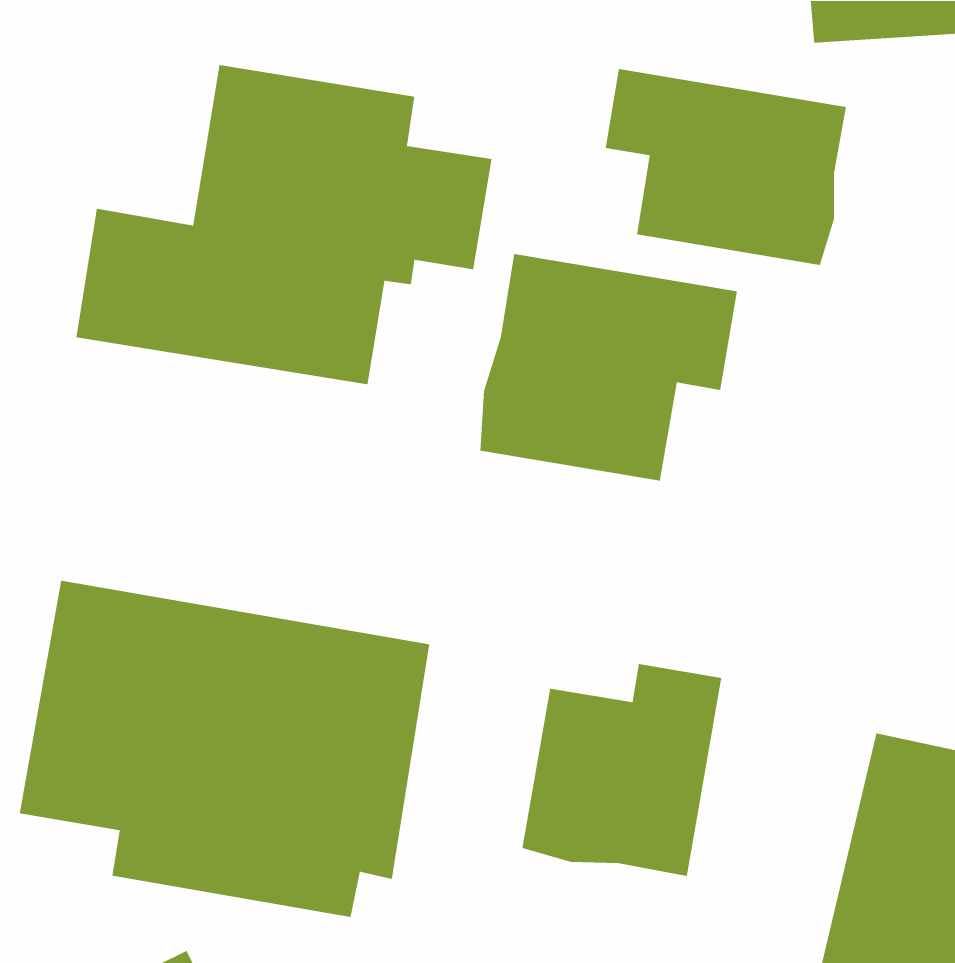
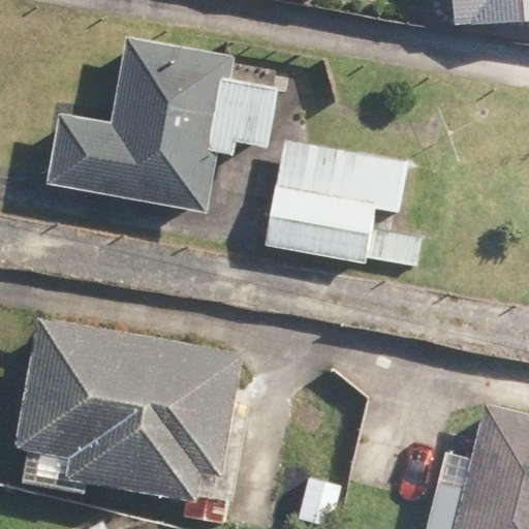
building: [605,68,847,266] -> none
building: [521,663,722,877] -> none

